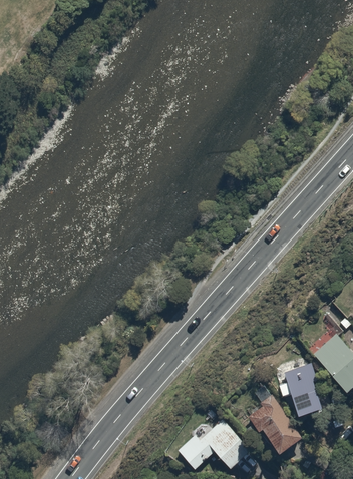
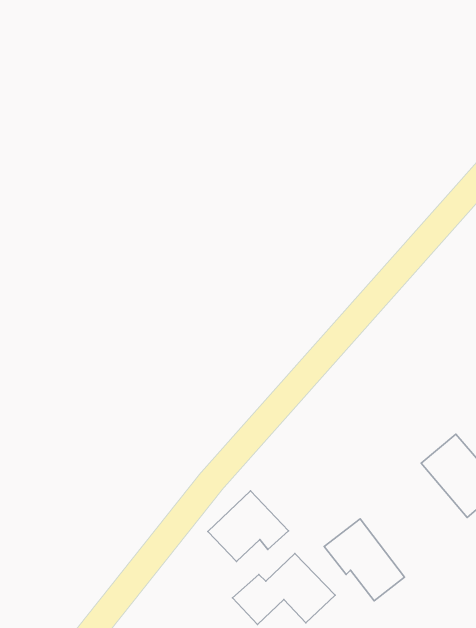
building: [284,364,322,416] -> none
building: none -> [208,491,289,562]

